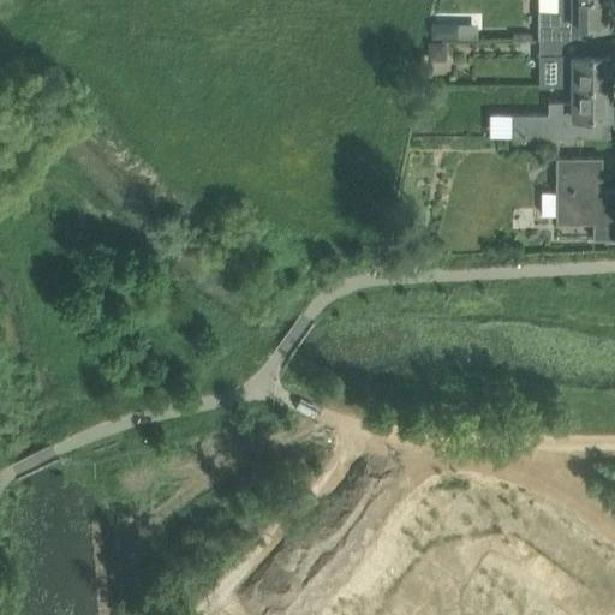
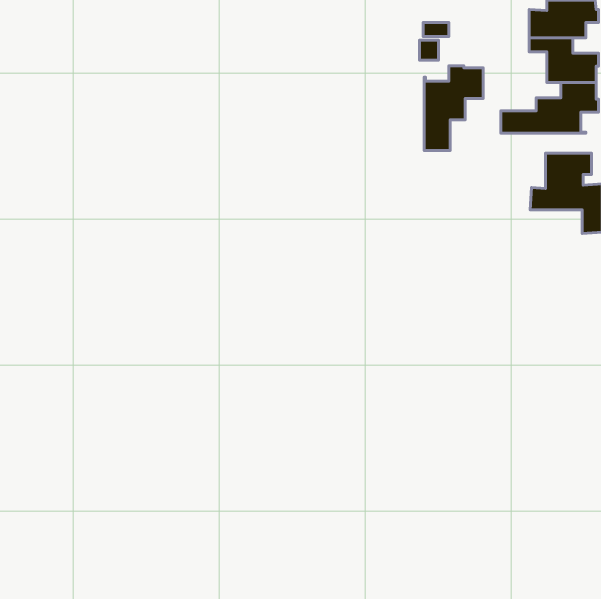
building: none -> [424,66,483,150]

